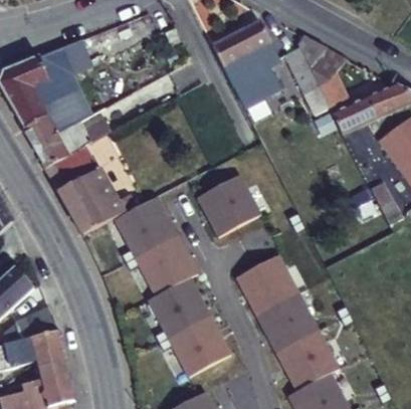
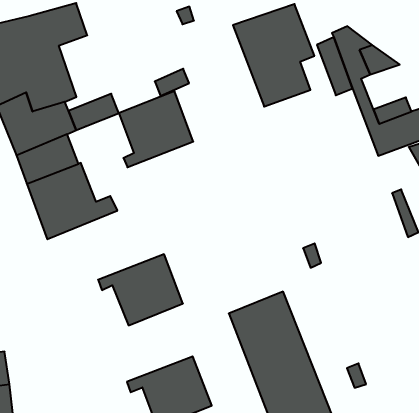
building: [197,175,261,238] -> none
building: [115,197,178,263] -> [119,91,193,167]
building: [148,278,211,344] -> none

